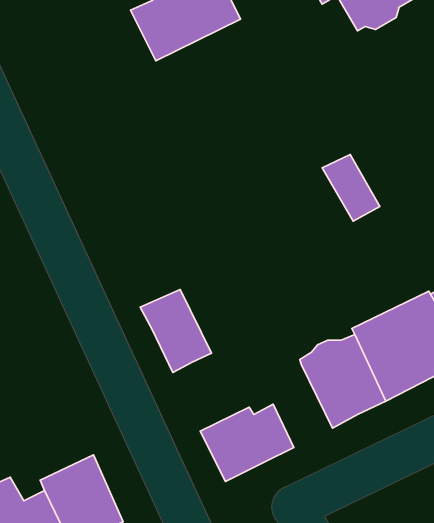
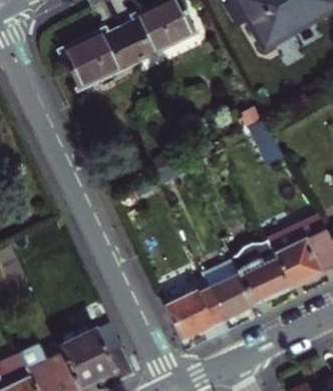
building: none -> [61,27,137,89]
building: [140,289,211,373] -> [209,266,257,322]

